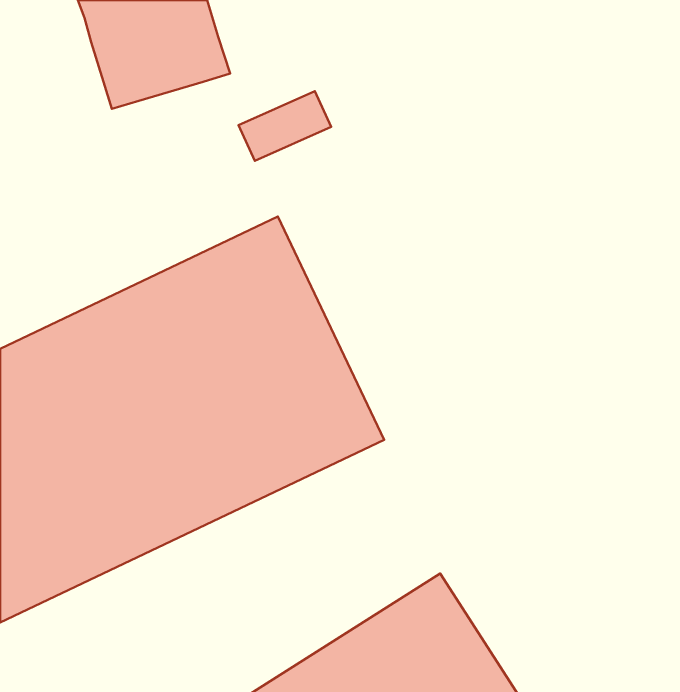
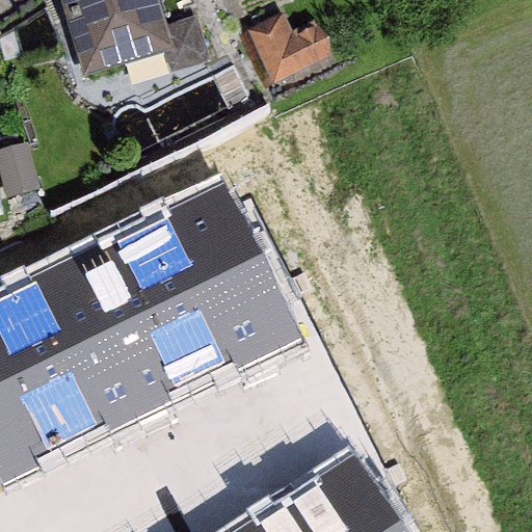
building: none -> [263,22,345,92]

